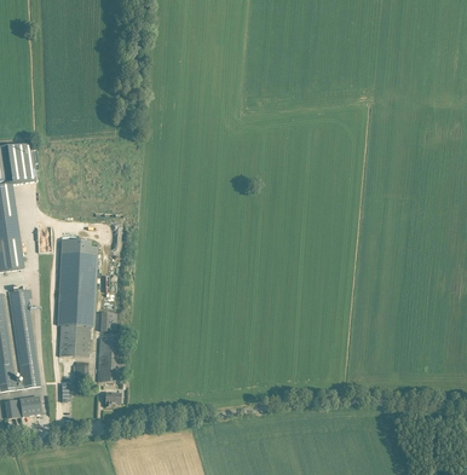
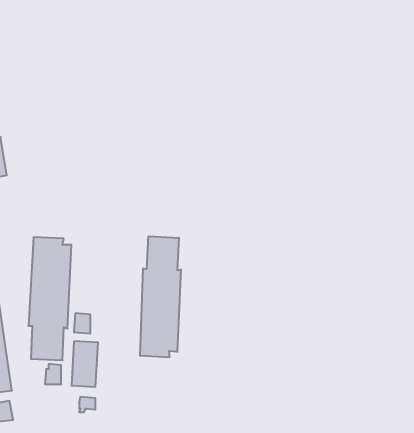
building: none -> [140,236,181,357]

